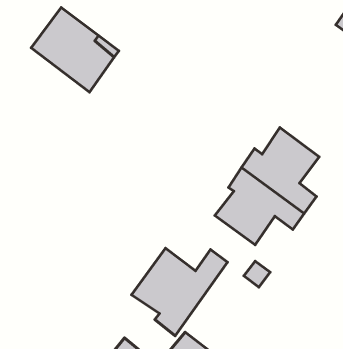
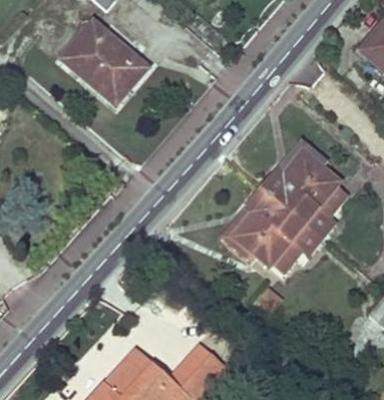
building: [132,248,228,336] -> none

